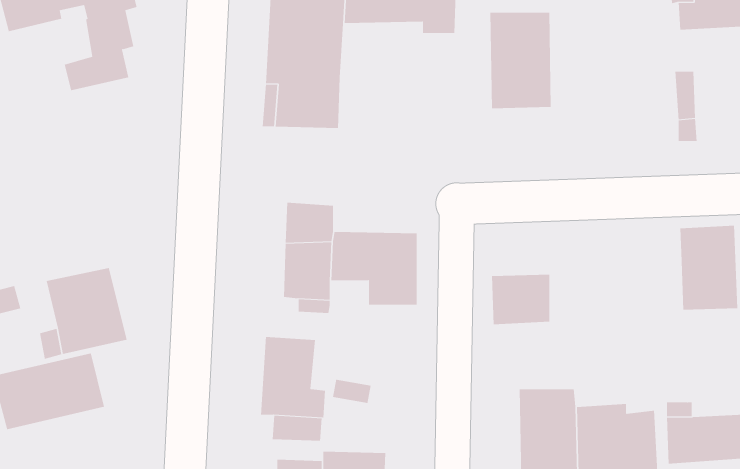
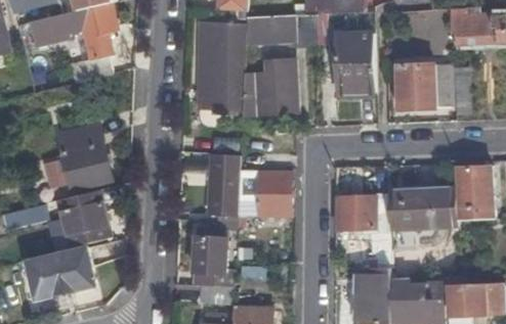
building: none -> [241,59,296,117]
building: none -> [394,63,450,109]
building: none -> [43,124,111,189]
building: none -> [387,188,457,228]

